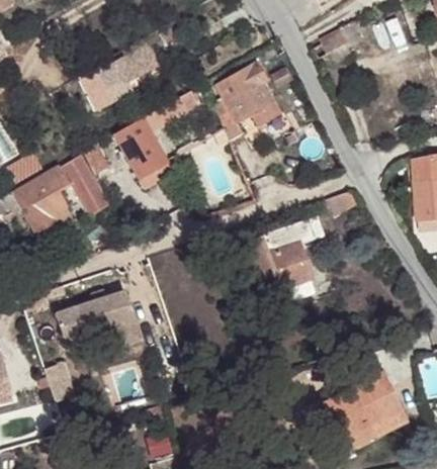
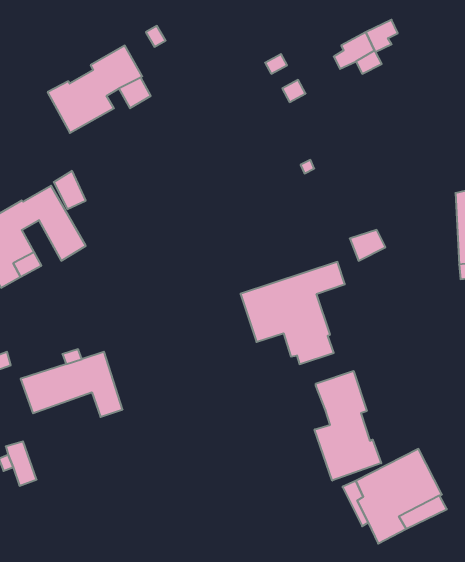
building: [212,62,279,139] -> none
building: [112,90,198,188] -> none
building: none -> [315,371,381,481]

